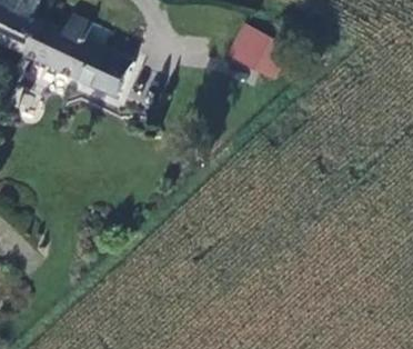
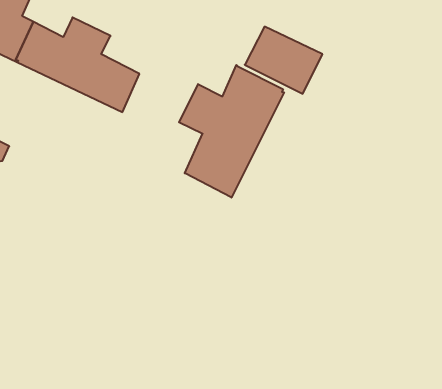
building: none -> [179,65,284,198]

